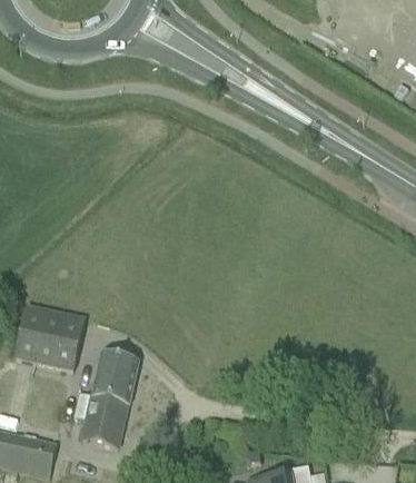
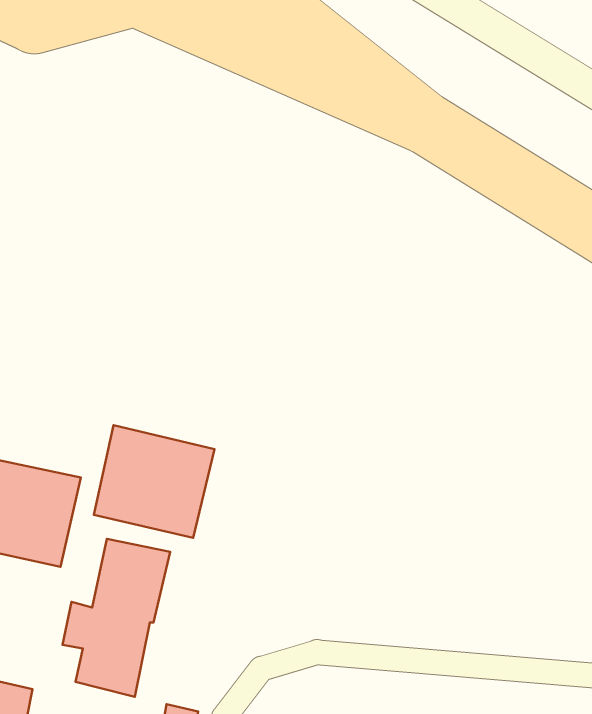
building: none -> [94,425,214,538]

